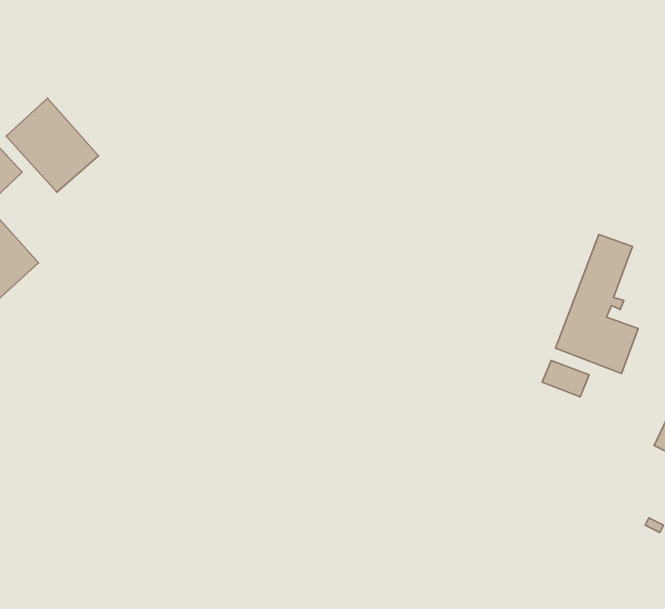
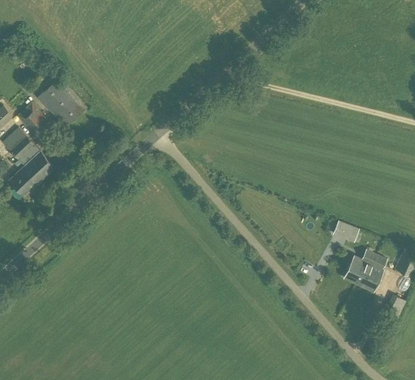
building: [555,234,638,373] -> none
building: none -> [344,249,387,291]

